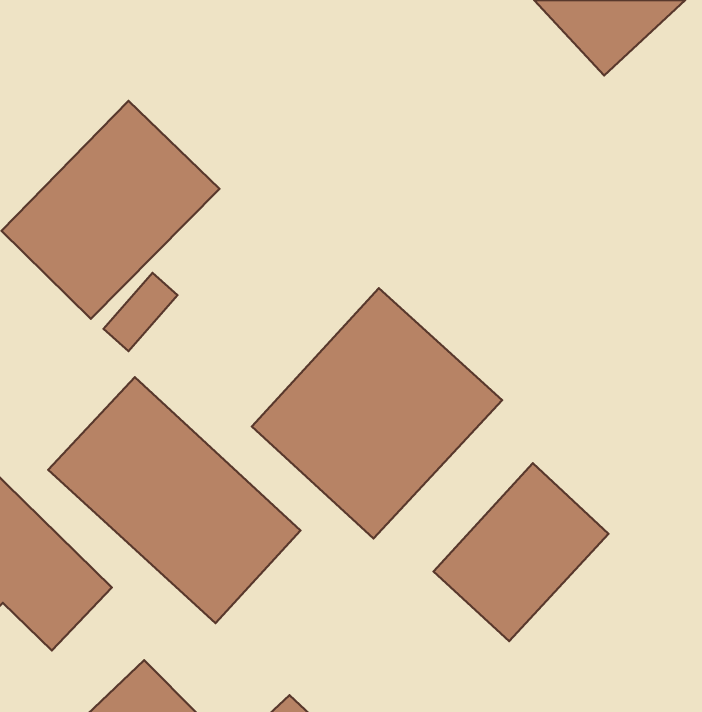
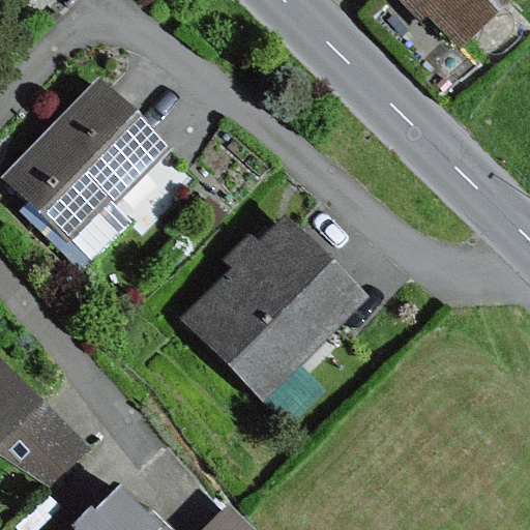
building: [48,377,301,623] -> none
building: [434,463,609,641] -> none

